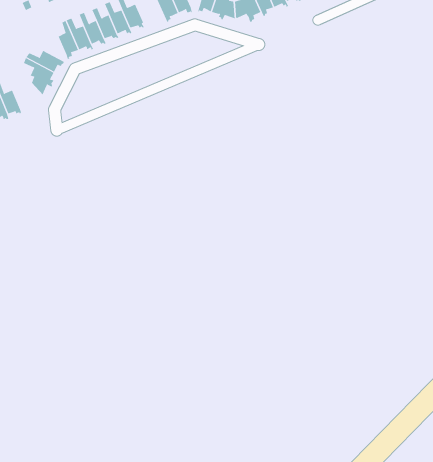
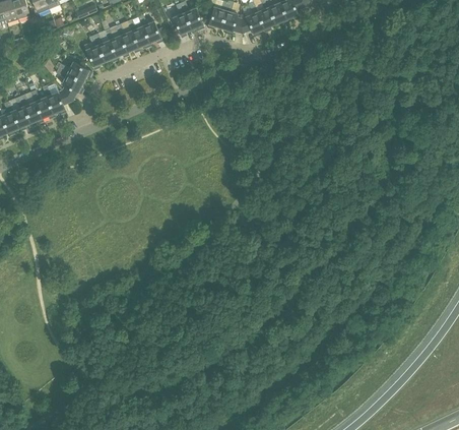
building: none -> [43,85,73,114]

